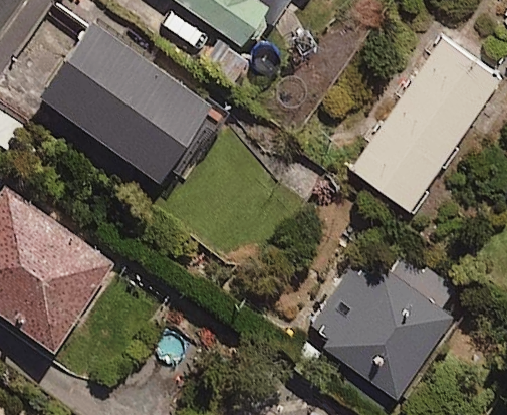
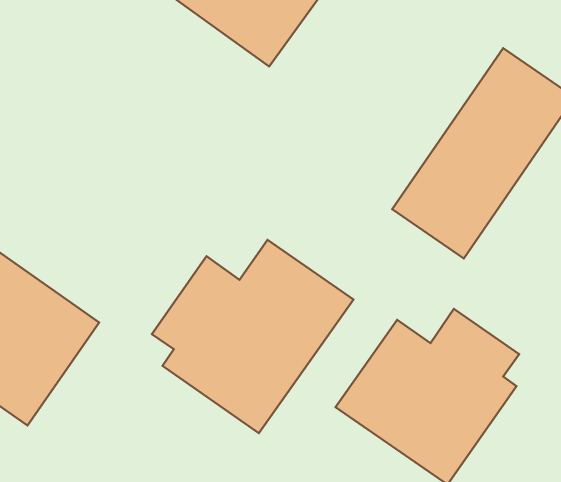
building: [40,19,227,176] -> none
building: none -> [152,240,353,433]

